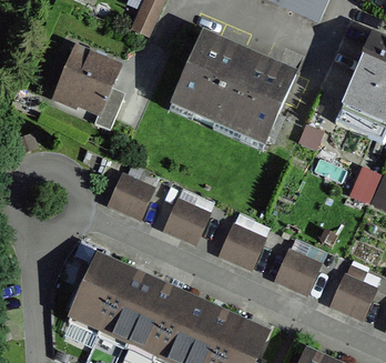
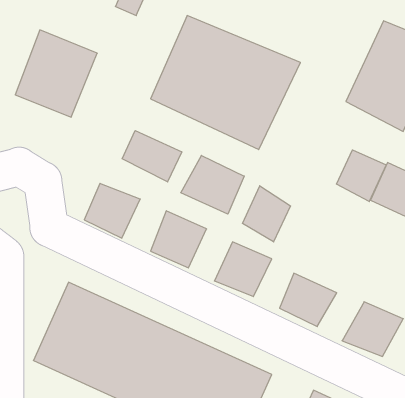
building: none -> [122,131,182,182]
building: none -> [336,150,386,202]
building: none -> [181,155,244,214]
building: none -> [243,186,290,242]

